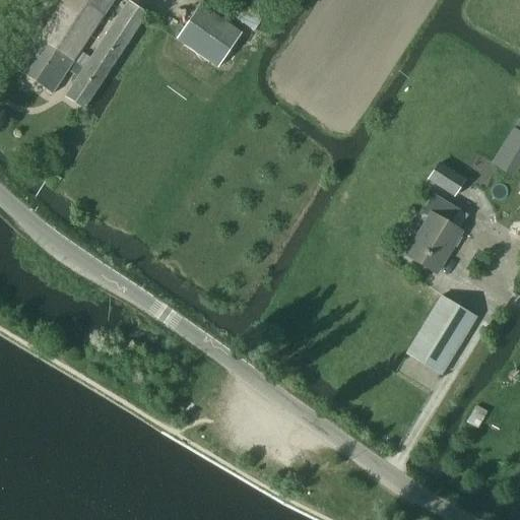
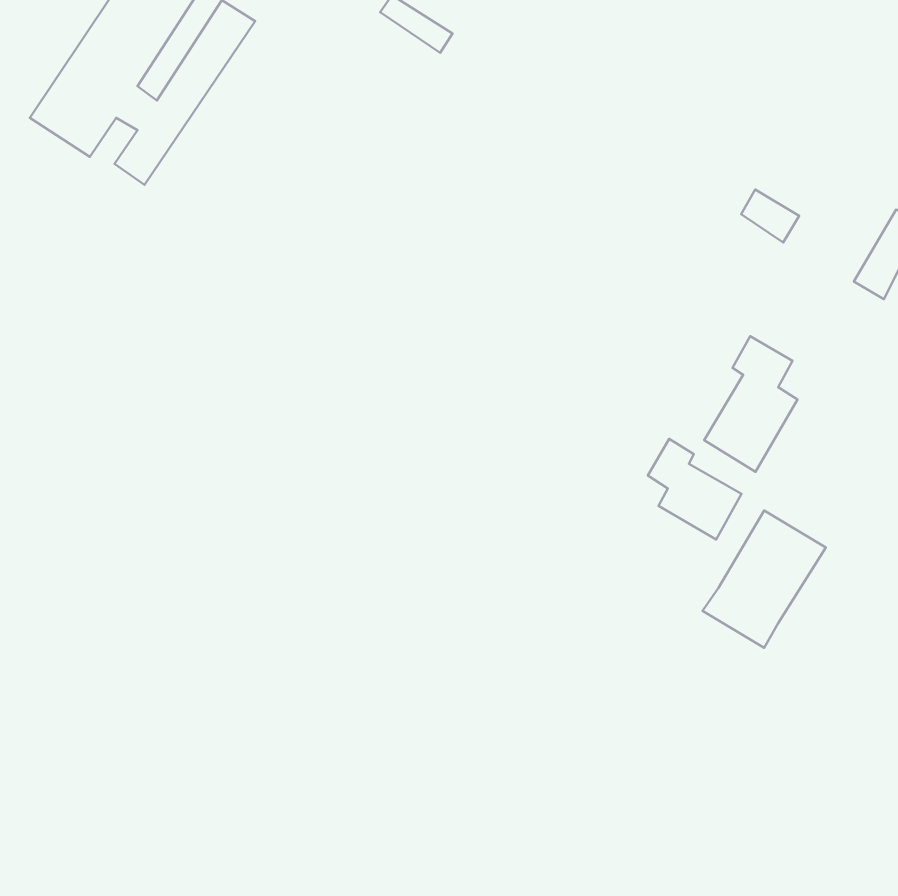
building: [178,4,243,66] -> none
building: [430,164,463,194] -> [741,190,799,242]
building: none -> [648,439,741,539]

